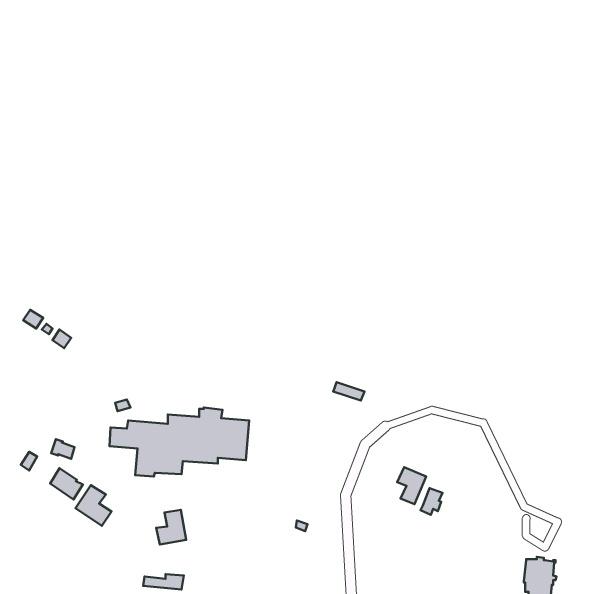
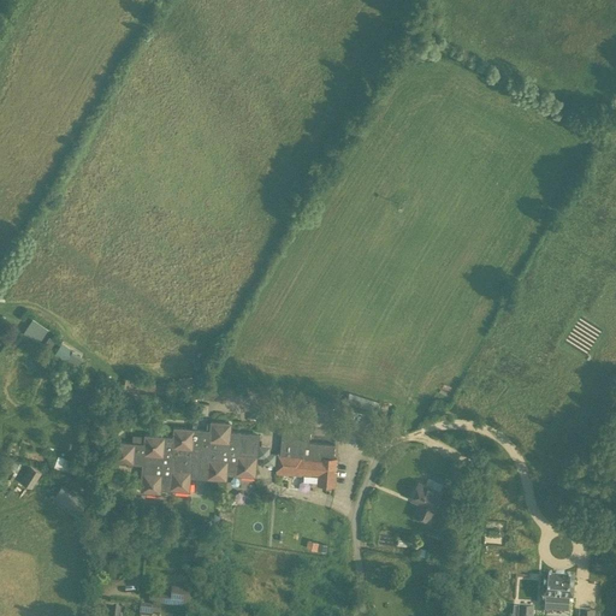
building: none -> [276,427,336,487]
building: [75,485,112,526] -> none
building: [156,510,186,544] -> none

